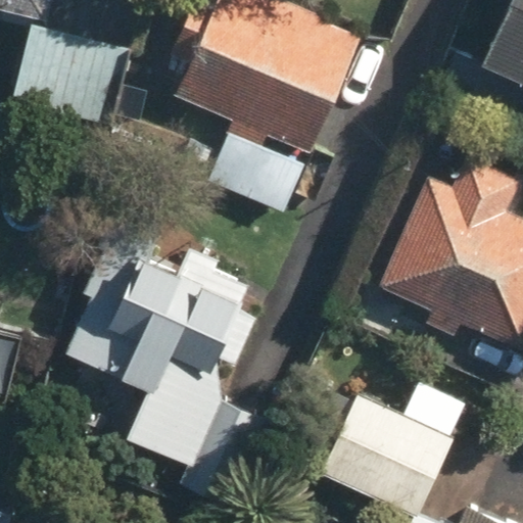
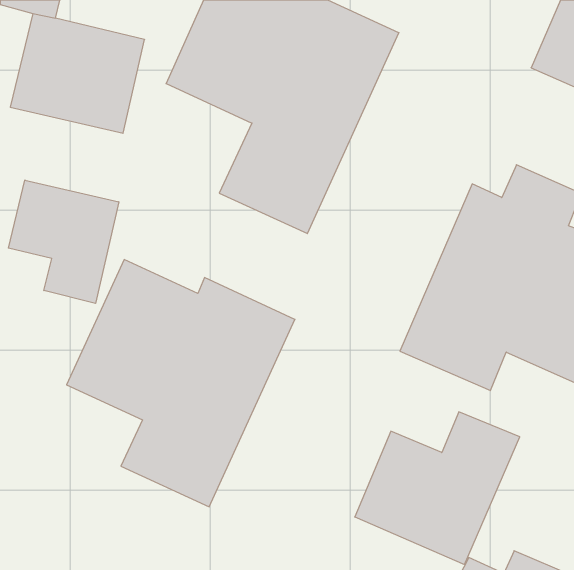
building: none -> [8,180,119,303]

